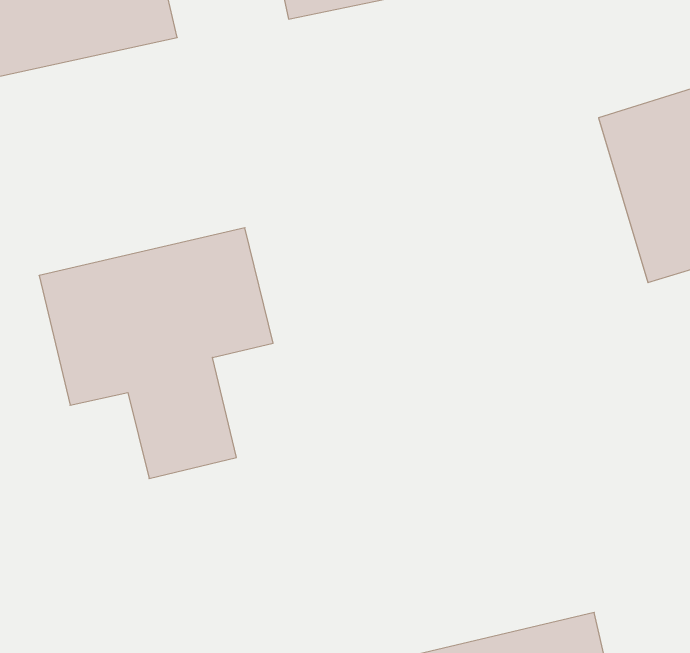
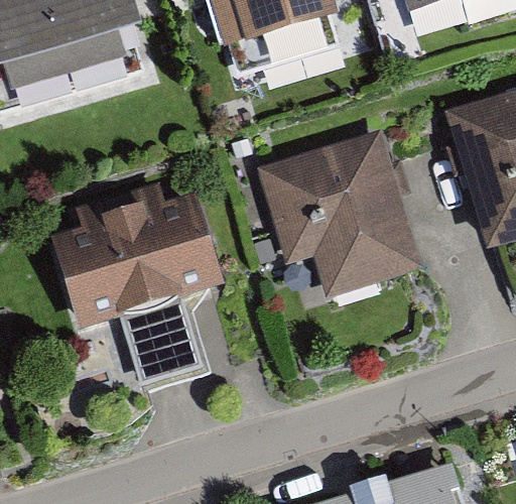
building: none -> [264,133,419,291]

